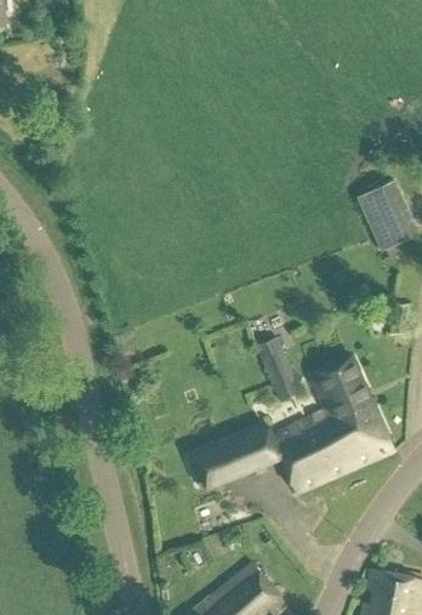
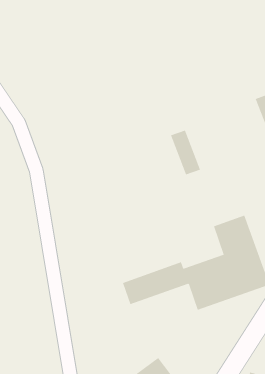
building: [260,342,304,404] -> [170,130,201,175]

